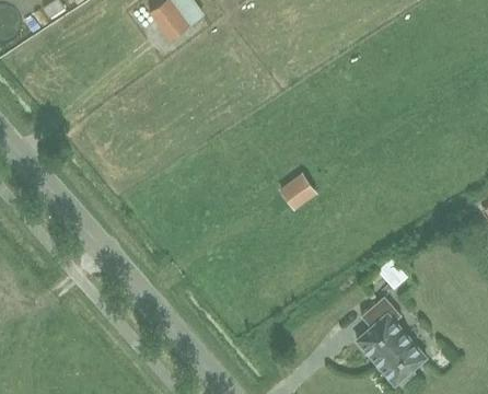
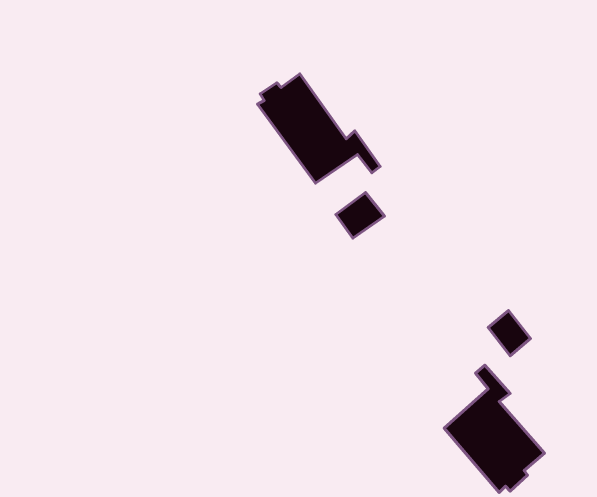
building: none -> [258,74,380,183]

